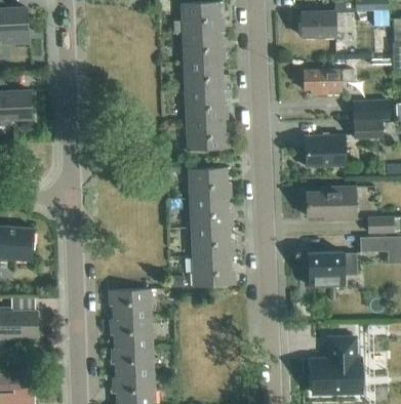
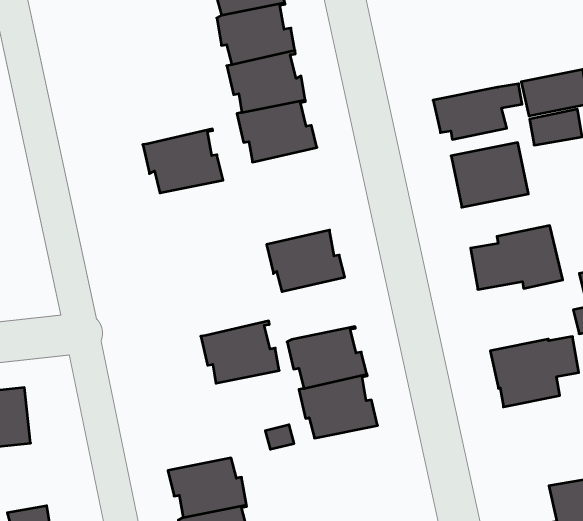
building: [303,70,354,95] -> [433,84,522,139]
building: [186,118,229,150] -> [143,129,223,193]
building: [190,196,232,227] -> [201,321,279,383]

